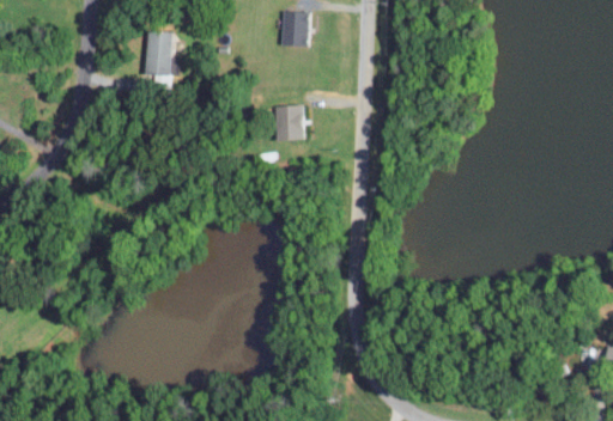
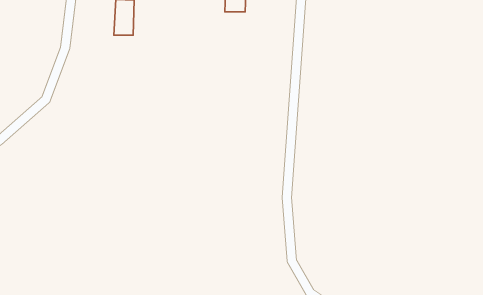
building: [277,104,303,140] -> none

